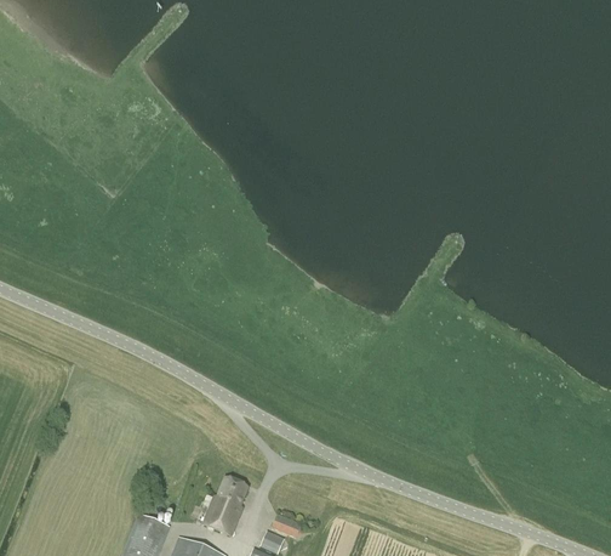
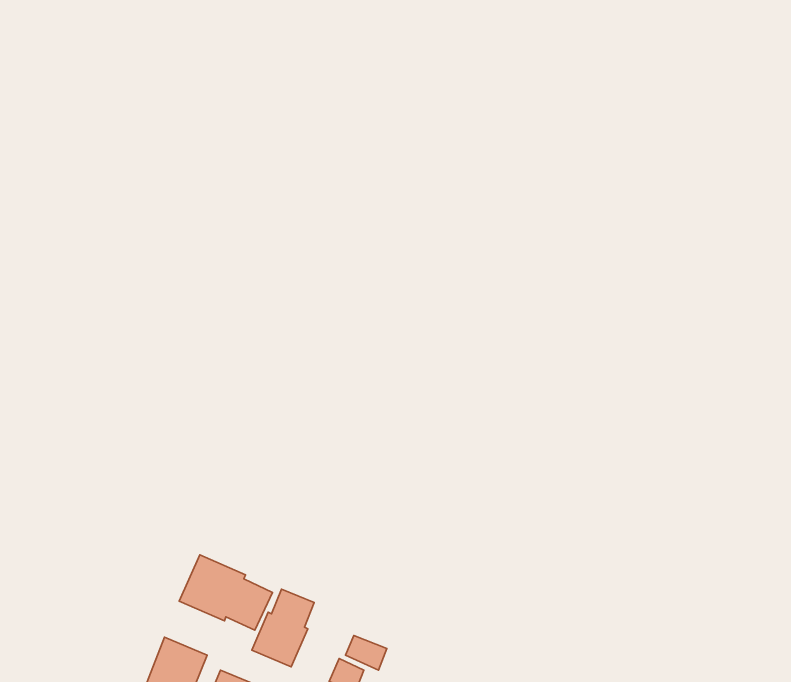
building: none -> [179,555,273,630]

